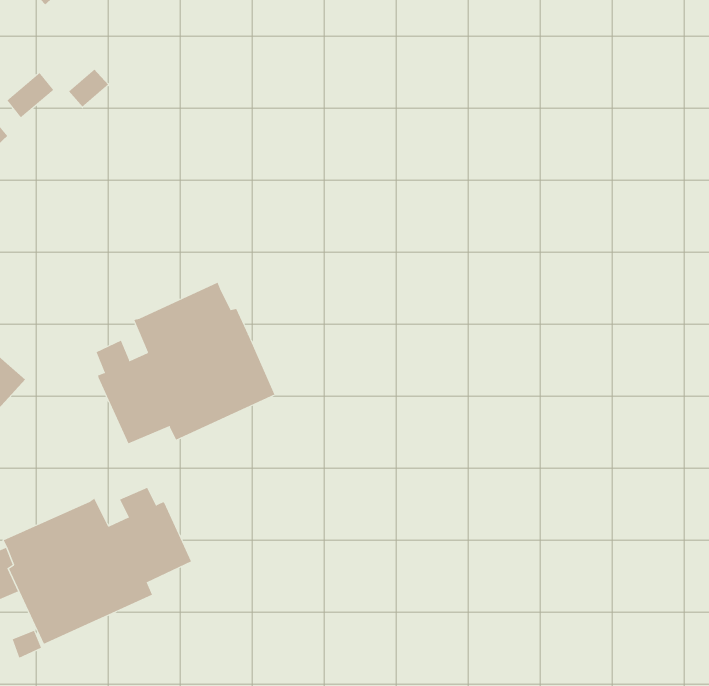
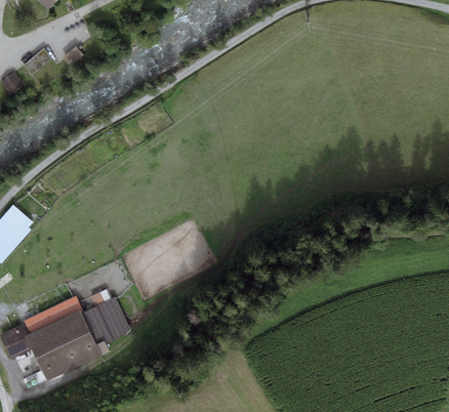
building: [96,282,275,444] -> none

